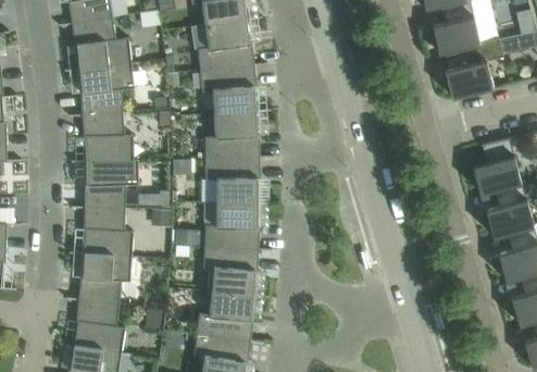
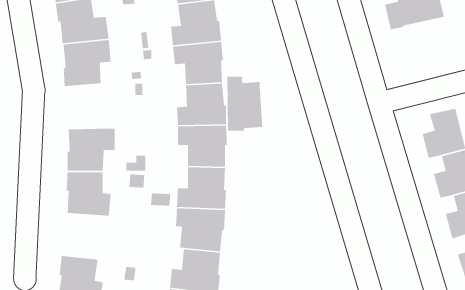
building: [445,38,502,97] -> none
building: none -> [227,76,263,131]
building: [82,111,134,160] -> none
building: [78,252,132,302] -> none

